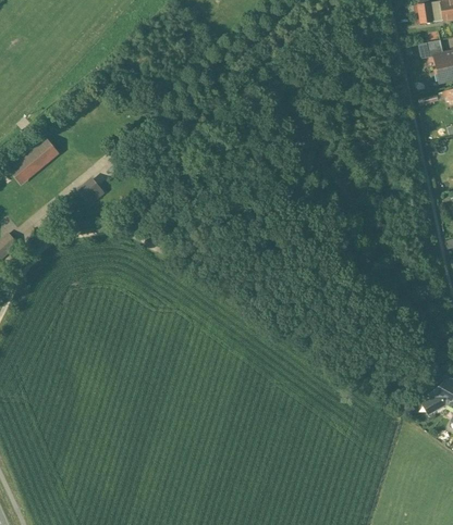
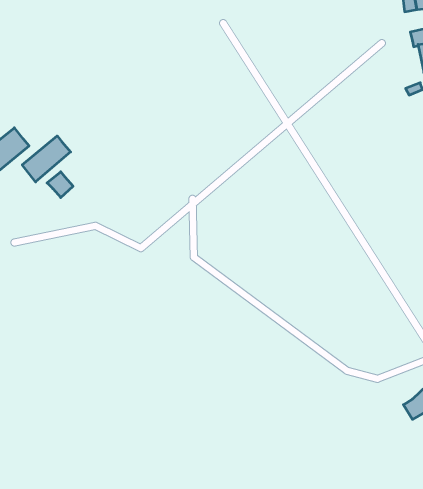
building: none -> [22,136,71,182]

